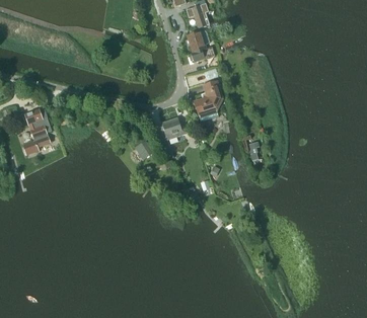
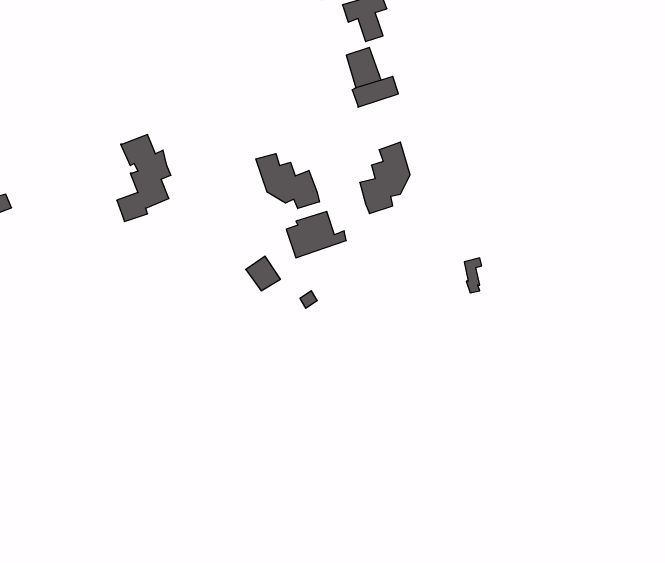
building: none -> [256,154,319,209]
building: [22,108,51,154] -> [117,135,171,222]

